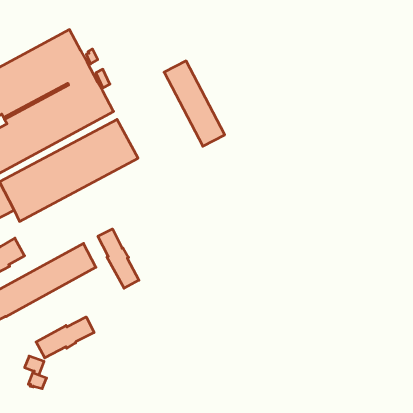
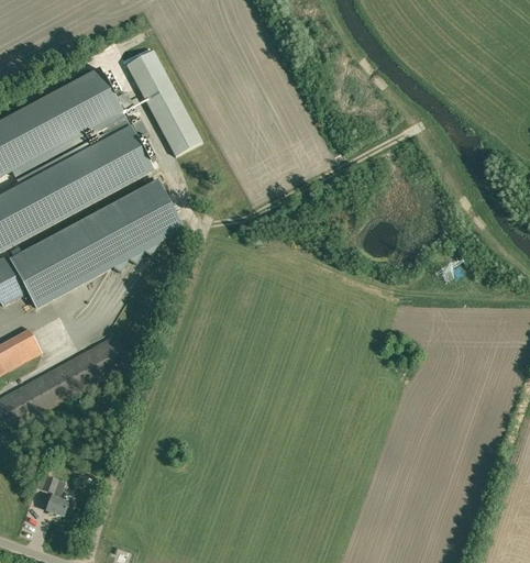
building: [164,61,225,146] -> [126,49,202,156]
building: [98,229,139,288] -> none
building: [36,317,94,358] -> none

